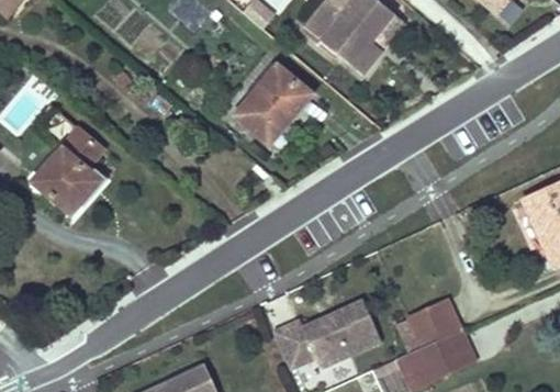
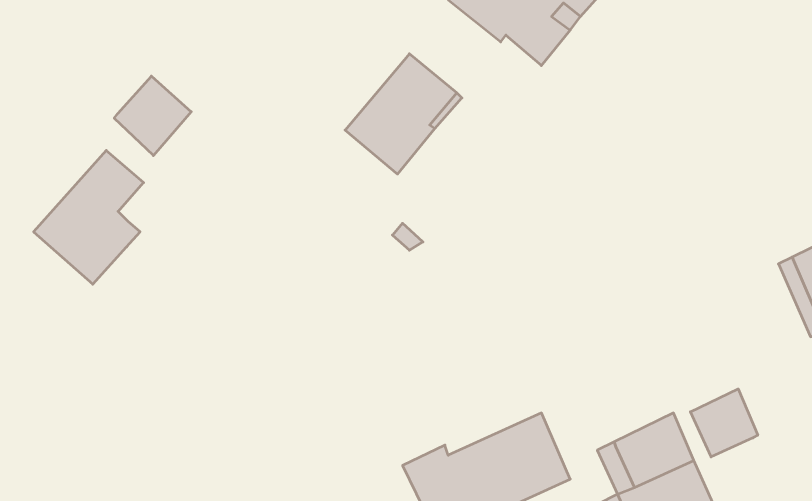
building: none -> [114,76,191,156]
building: none -> [690,389,758,457]

